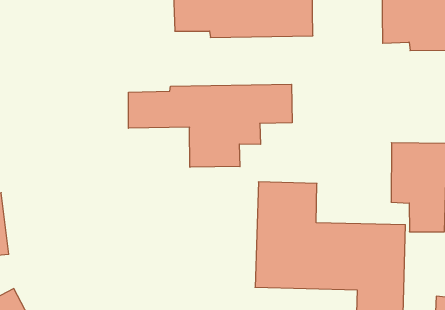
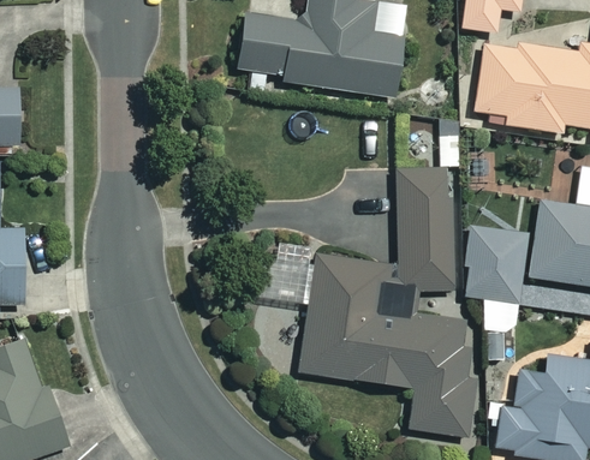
building: [128,84,292,167] -> none
building: none -> [398,167,453,291]

